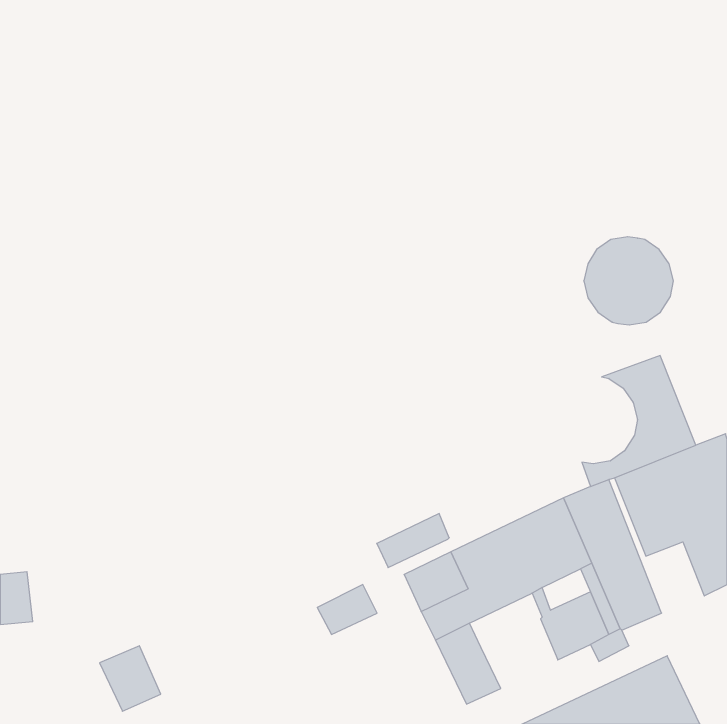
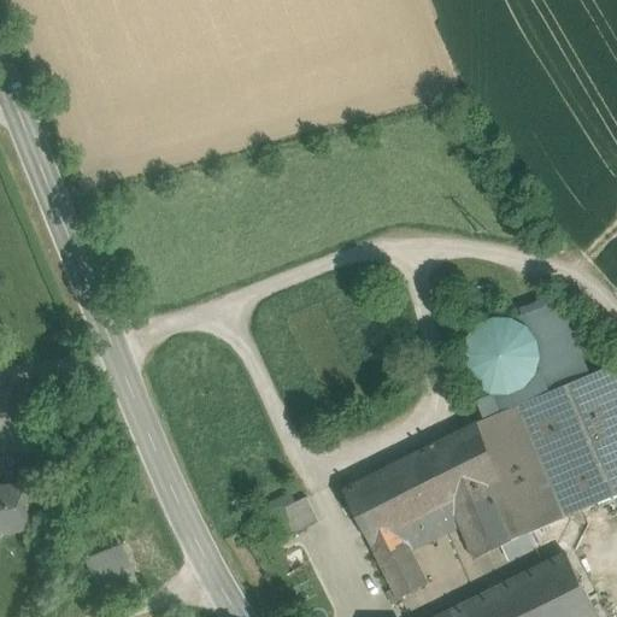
building: [584,237,673,325] -> [464,318,540,393]
building: [377,514,449,568] -> [398,503,459,548]
building: none -> [547,459,597,517]
building: none -> [459,482,500,517]

